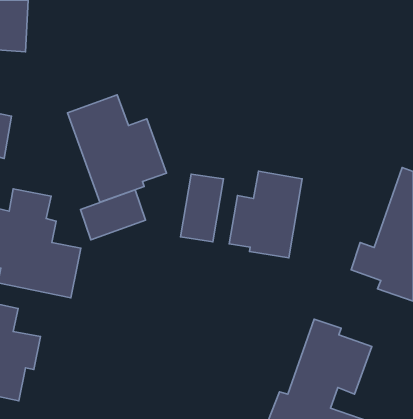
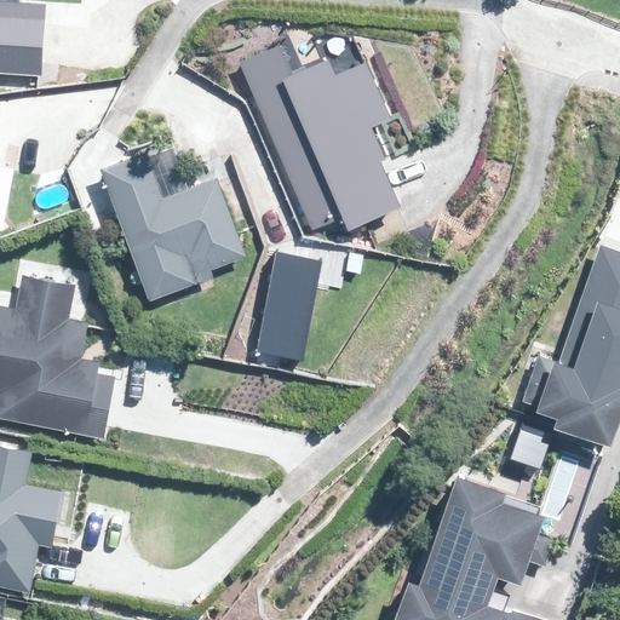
building: none -> [242,50,404,229]
building: [229,171,302,258] -> none
building: [80,190,145,240] -> none

